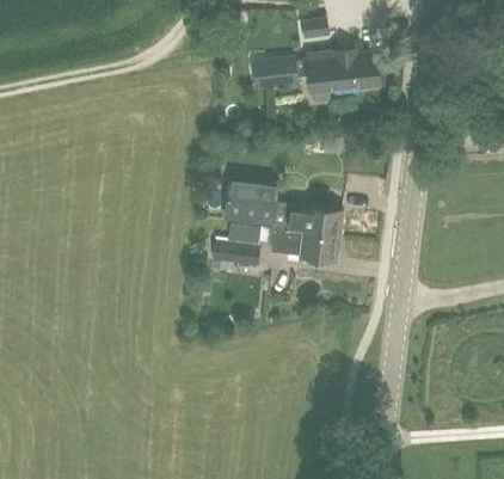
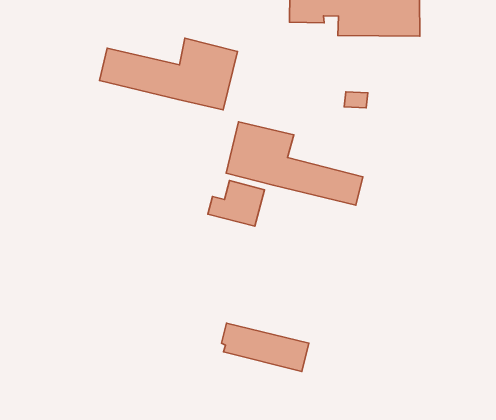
building: none -> [99,38,237,110]
building: [264,228,339,263] -> [222,323,309,371]

